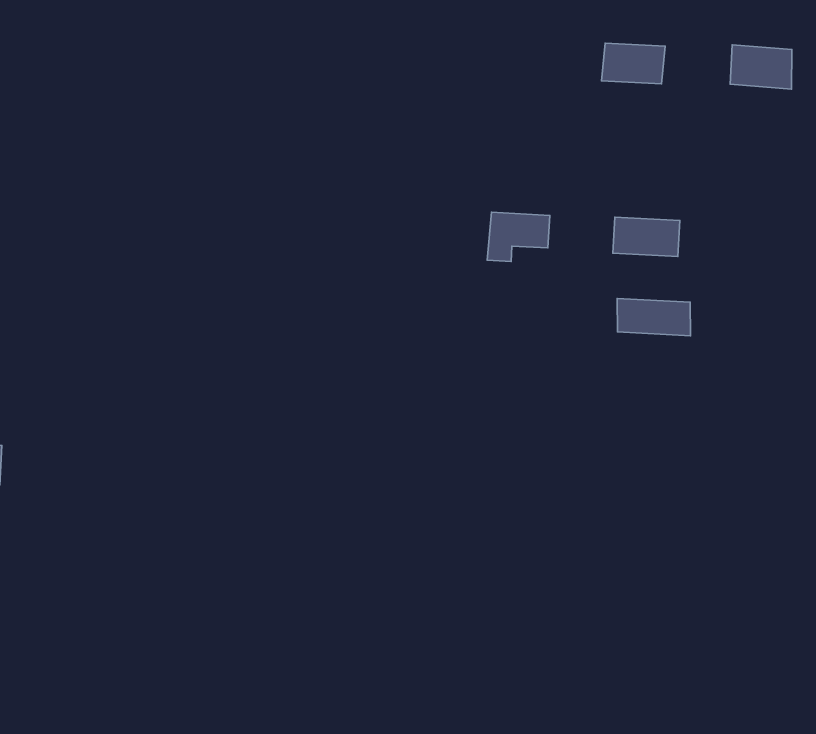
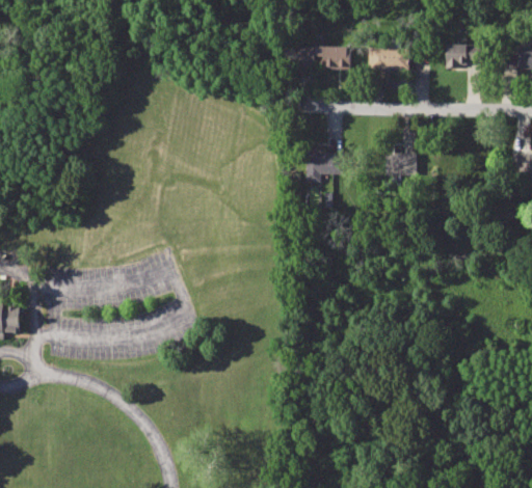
building: none -> [296,44,349,69]
building: [617,298,691,336] -> none

